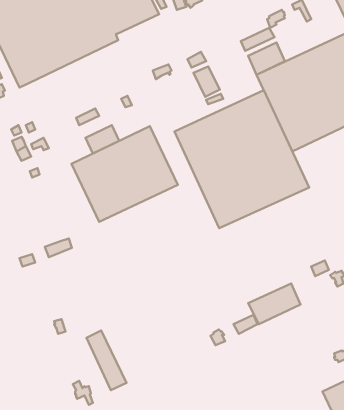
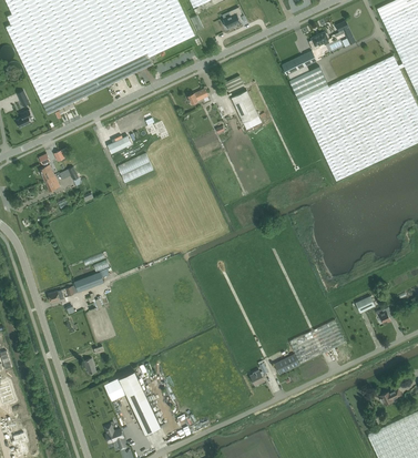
building: [175,90,309,228] -> none
building: [72,126,178,222] -> none

